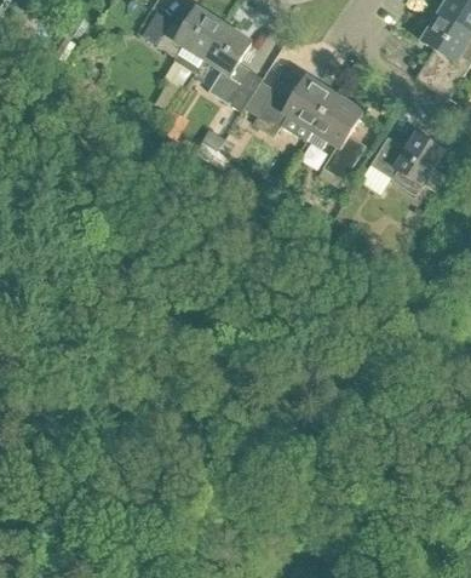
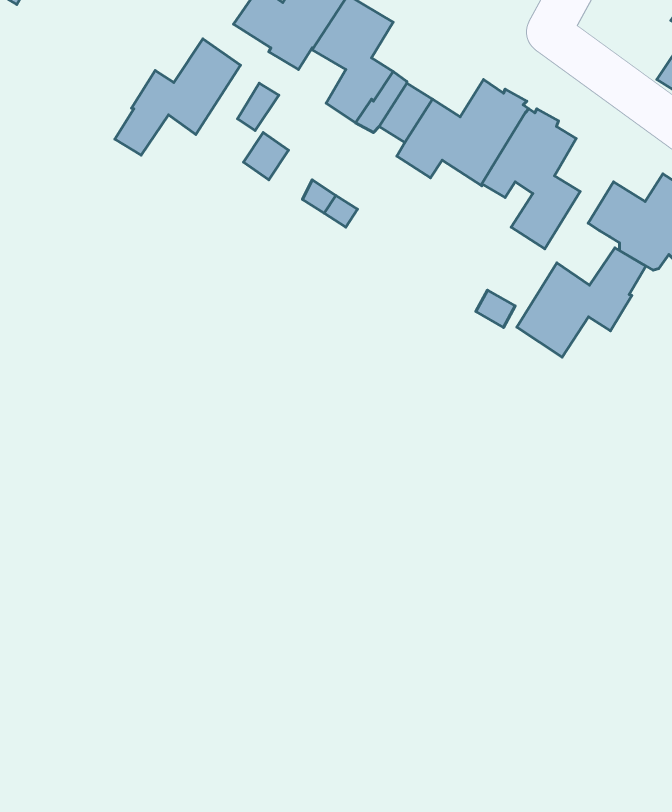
building: none -> [115,39,240,155]
building: none -> [517,248,646,357]

